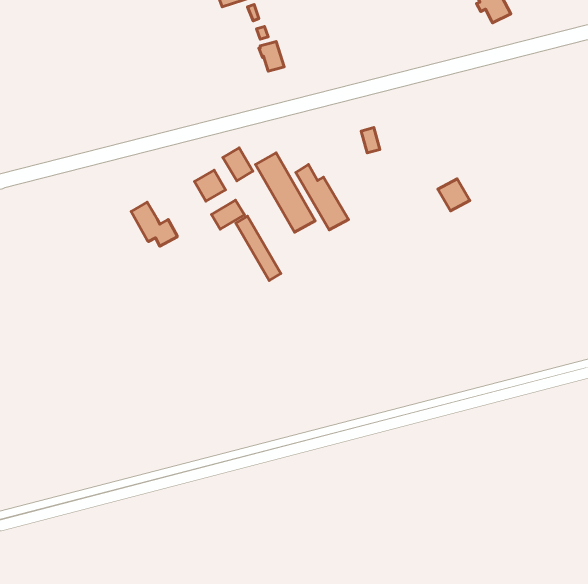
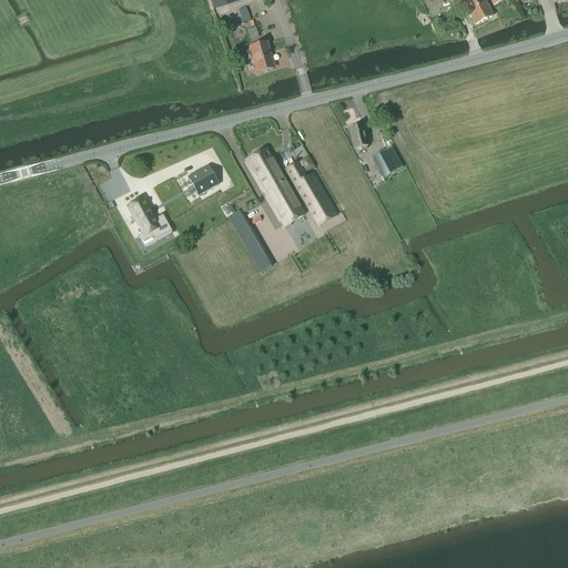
building: [223,148,253,181] -> none
building: [438,179,470,211] -> [372,145,403,176]
building: [211,200,244,229] -> none

